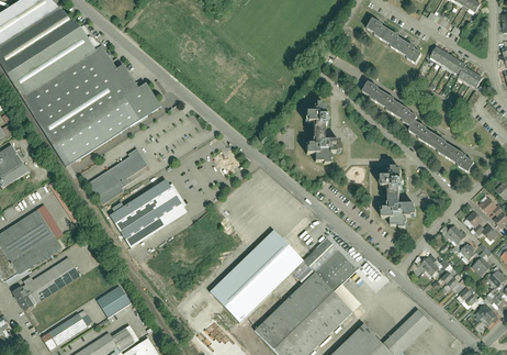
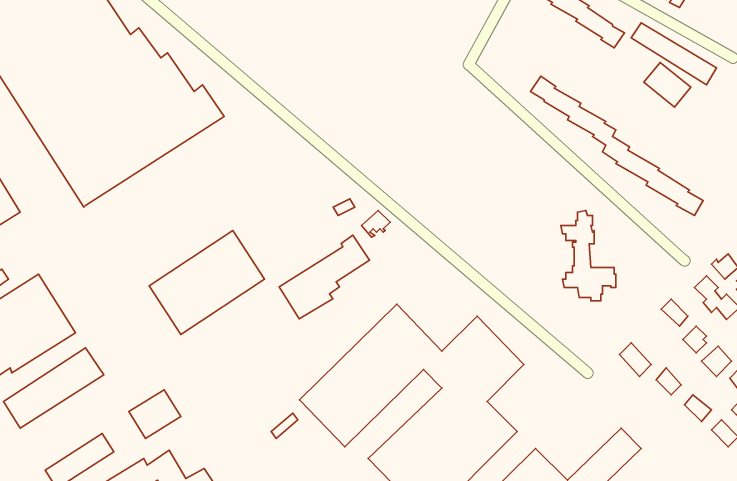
building: none -> [644,62,691,107]
building: [306,104,342,164] -> none
building: [90,149,149,204] -> [279,235,370,319]

